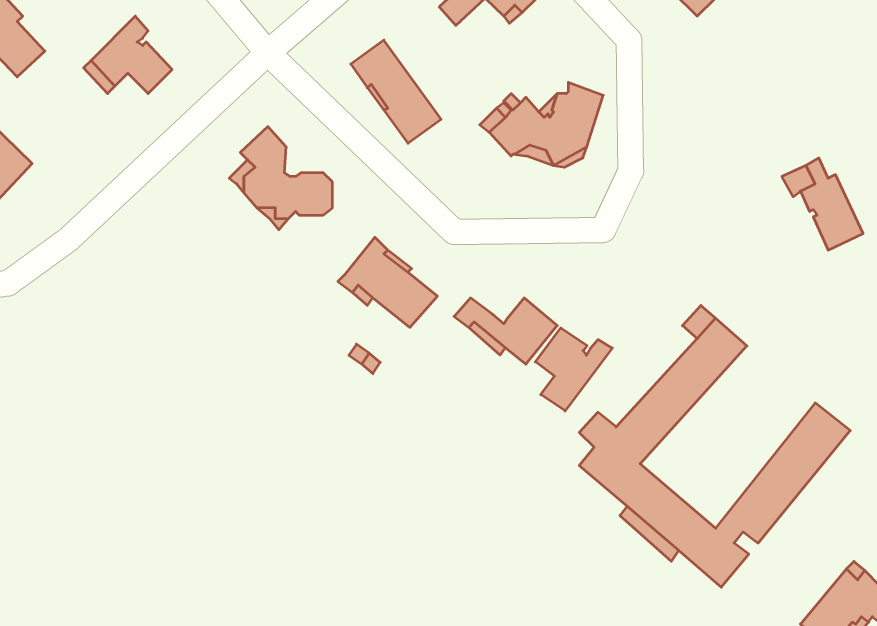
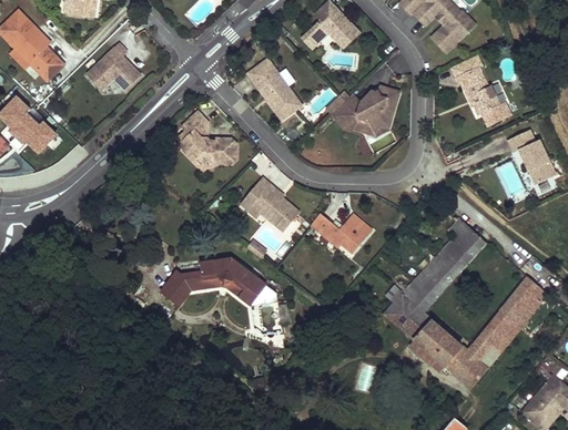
building: none -> [450,54,503,120]
building: [535,328,612,411] -> none
building: none -> [161,258,266,306]

